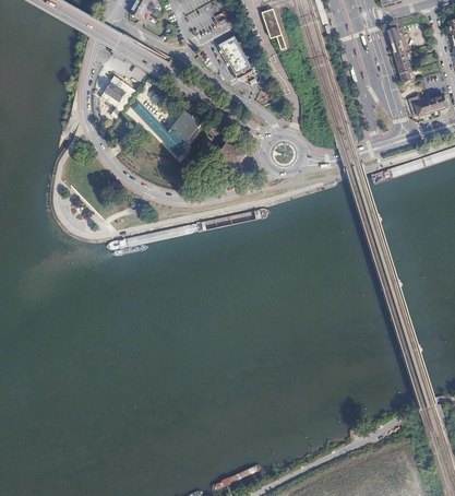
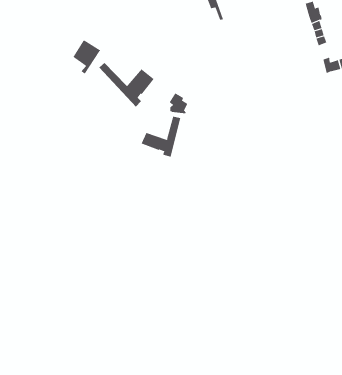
building: [220,39,251,75] -> none
building: none -> [141,116,181,158]

